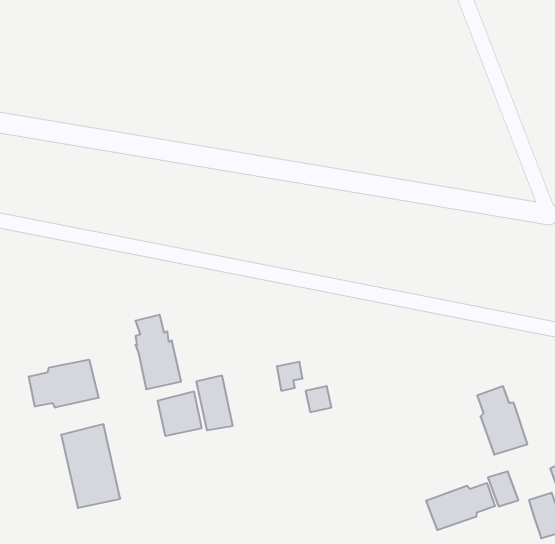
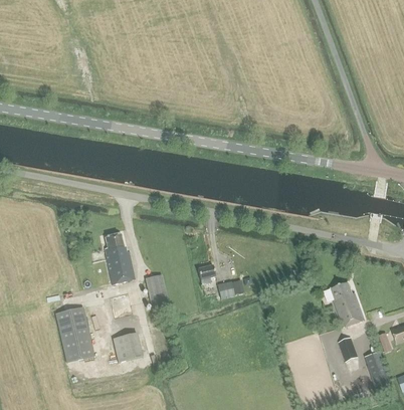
building: [29,360,98,408] -> none
building: [158,392,202,436] -> [113,332,142,361]
building: [426,483,495,530] -> none

